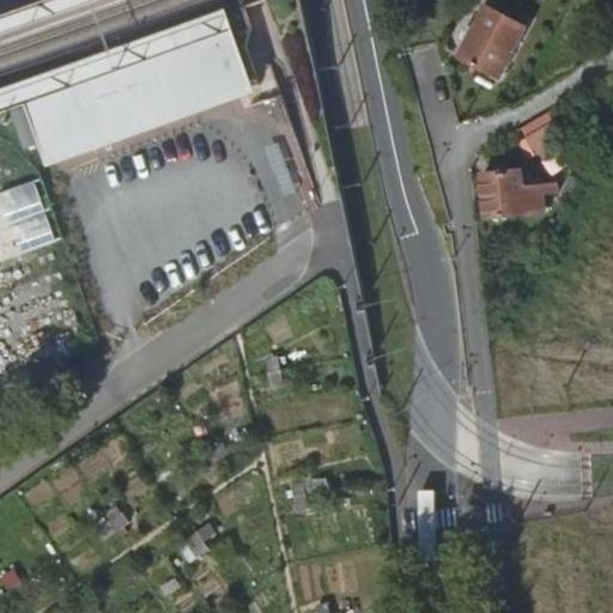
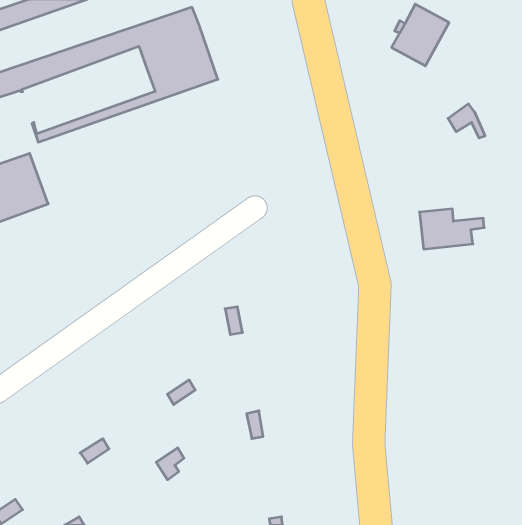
building: [10,54,181,156] -> none
building: [478,170,553,217] -> [419,209,484,249]

